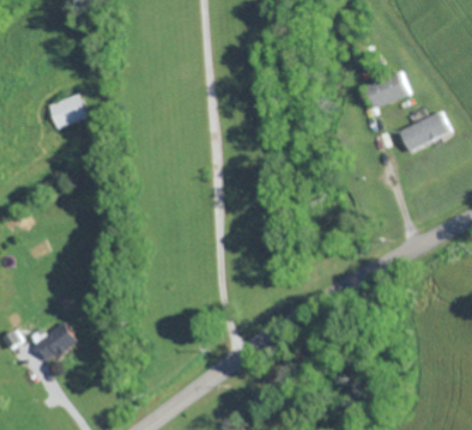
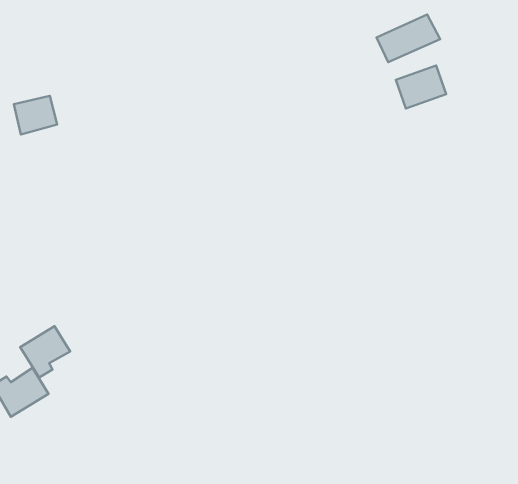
building: [397,111,449,151] -> [377,15,440,62]
building: none -> [20,326,70,378]

